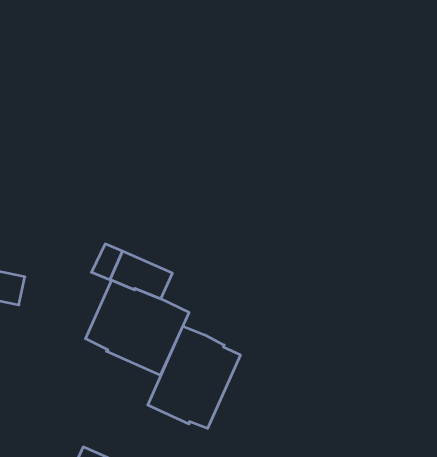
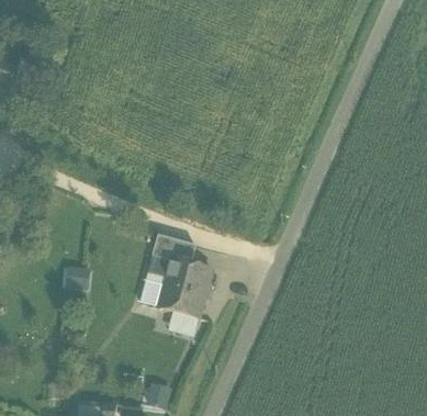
building: [148,326,240,428] -> none

